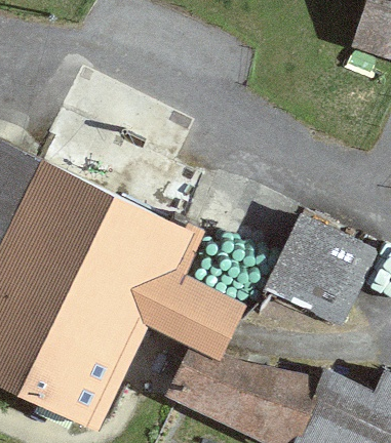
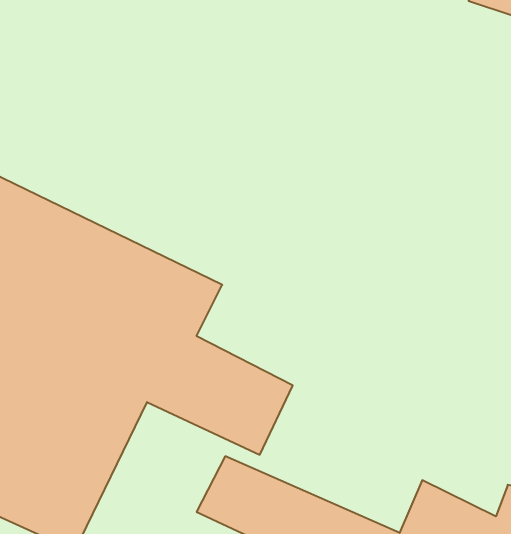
building: [243,204,362,317] -> none

